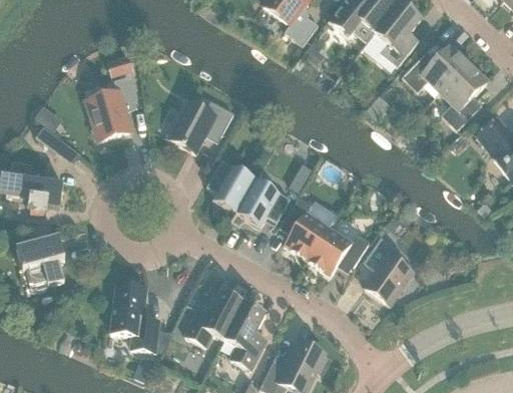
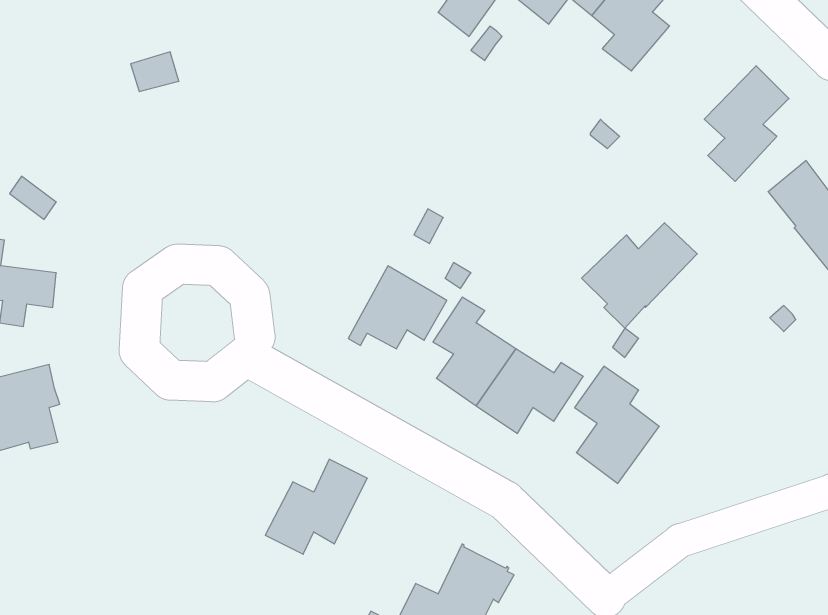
building: [402,43,469,104] -> [582,223,697,328]
building: [88,75,136,138] -> none
building: [168,99,233,151] -> none
building: [206,158,255,221] -> none
building: [110,283,159,350] -> none
building: [224,301,268,368] -> none

